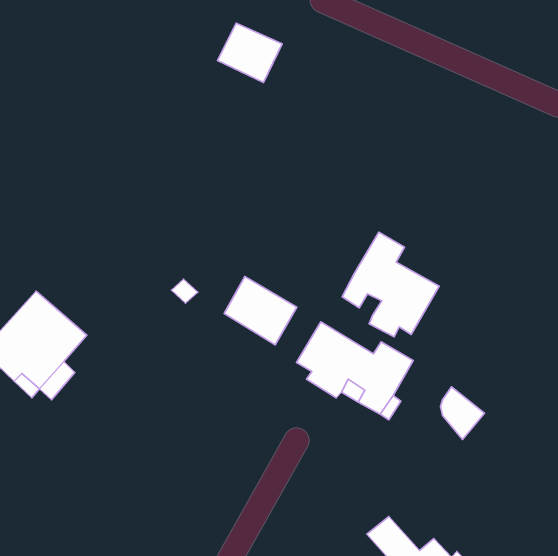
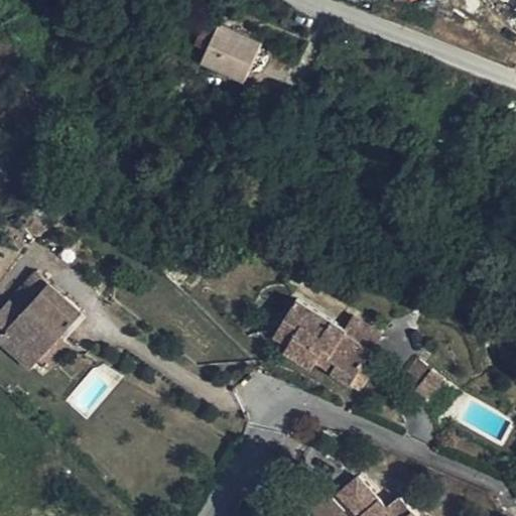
building: [342,232,439,337] -> none
building: [224,277,297,345] -> none

